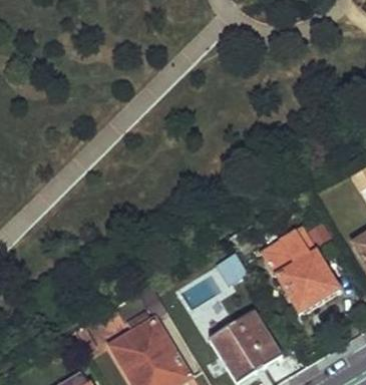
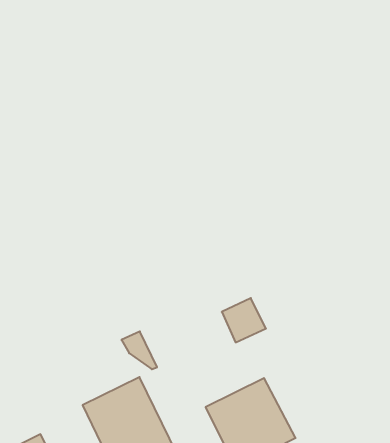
building: [263,228,338,310] -> none

